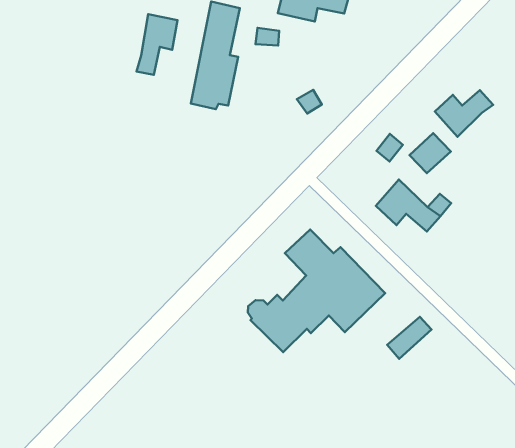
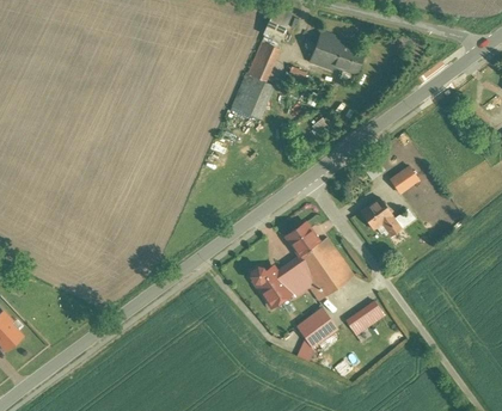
building: [137,14,178,75] -> none
building: [435,90,493,137] -> none
building: none -> [296,309,337,350]

